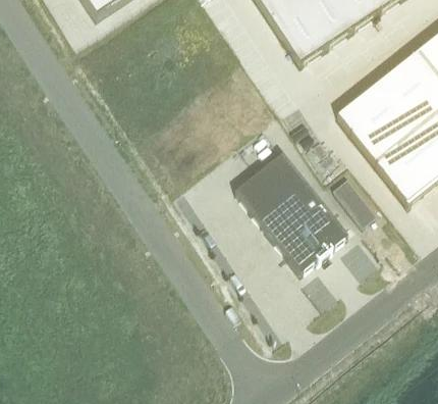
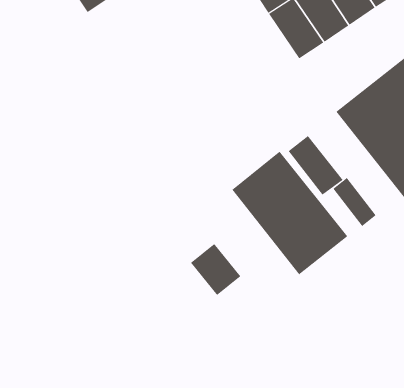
building: none -> [288,135,343,195]
building: none -> [190,243,241,296]

